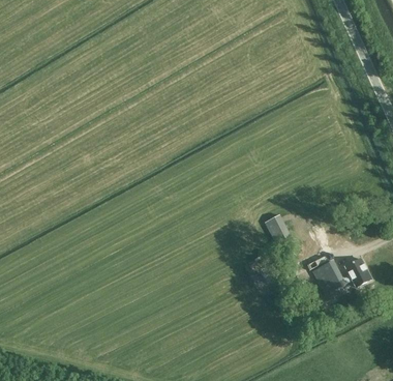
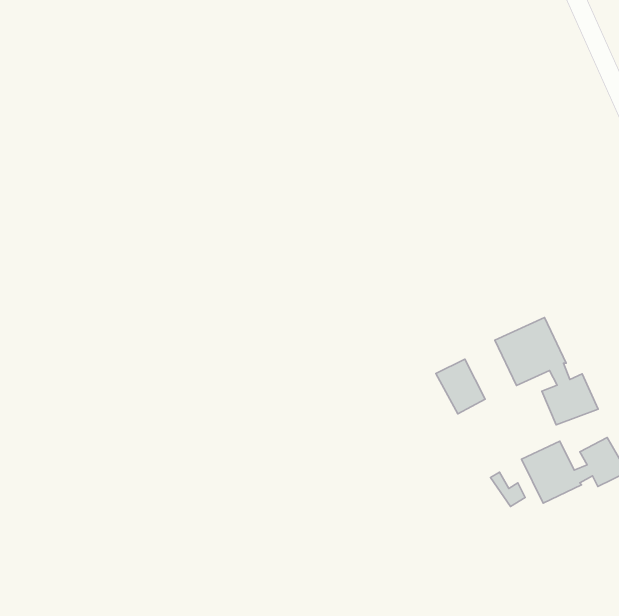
building: none -> [495,318,598,425]

